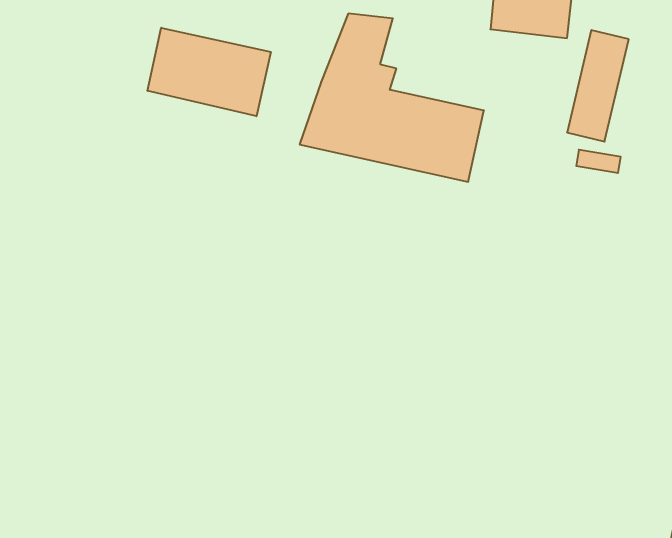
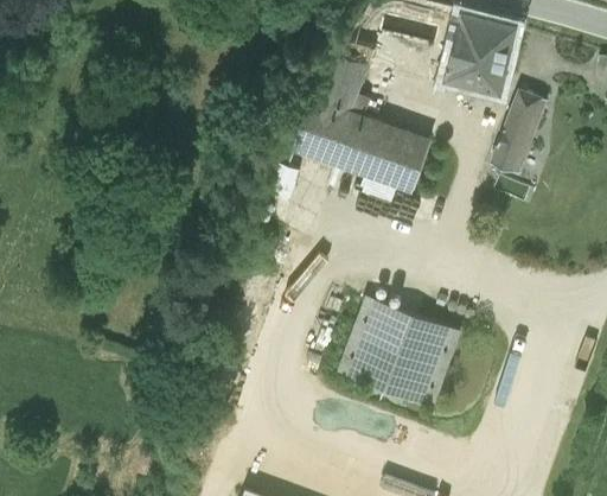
building: [148,28,271,116] -> none
building: none -> [339,299,458,407]

